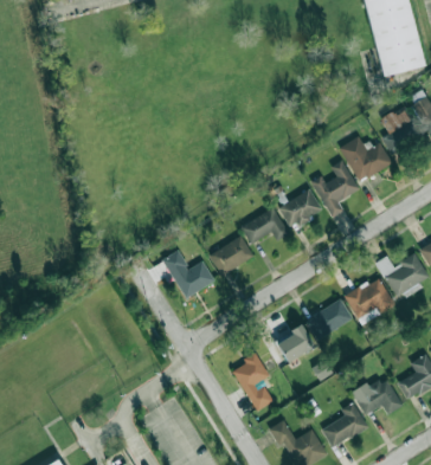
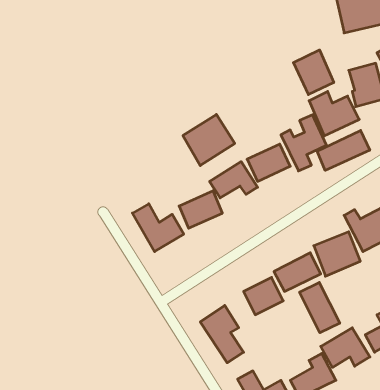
building: none -> [293,50,334,95]
building: none -> [183,114,235,166]
building: none -> [317,130,370,170]
building: none -> [300,282,340,333]

